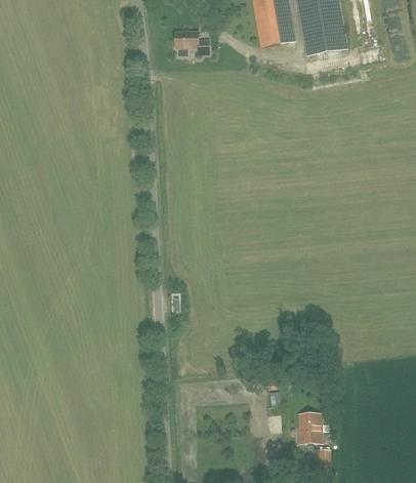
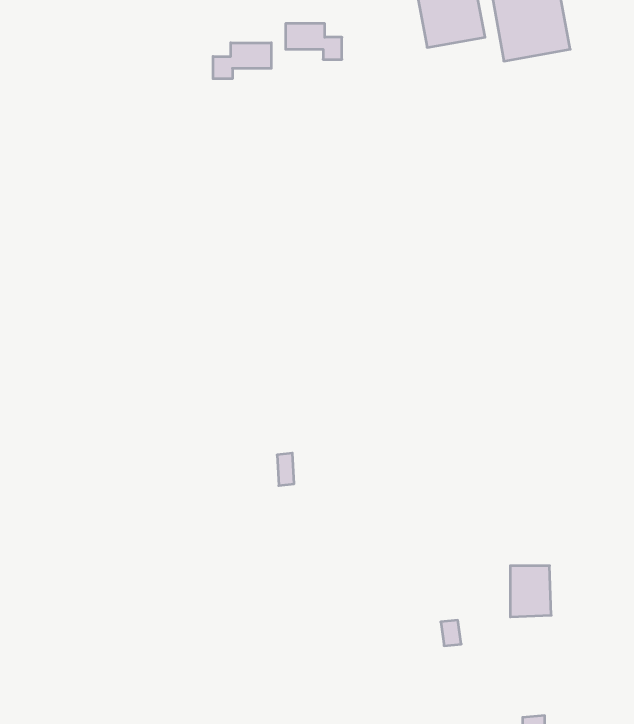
building: none -> [213,43,271,79]
building: [298,412,323,443] -> [510,566,551,617]

